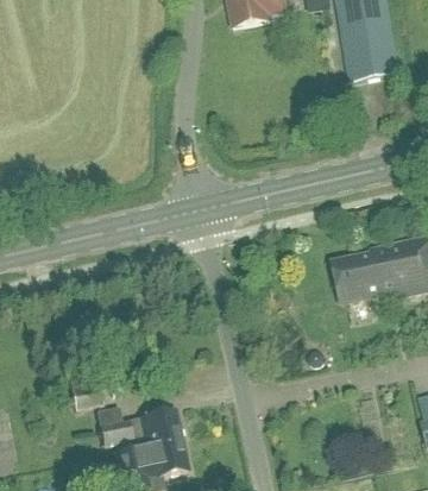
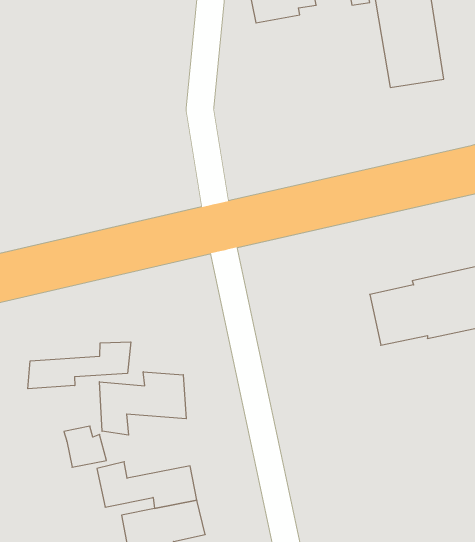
building: none -> [28,342,131,389]
building: none -> [99,372,186,435]

